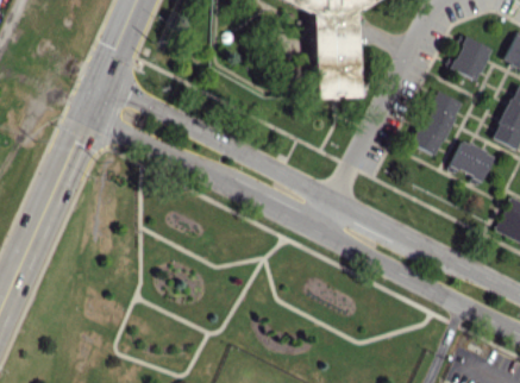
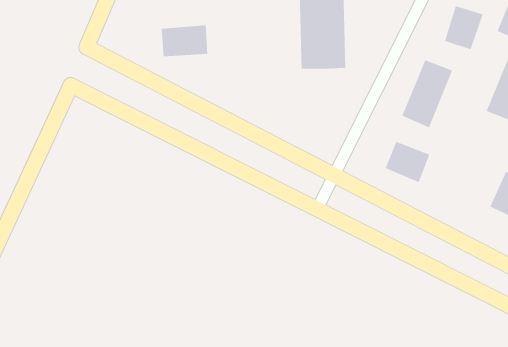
building: none -> [161,25,208,57]
building: [452,140,496,181] -> [385,141,430,183]

